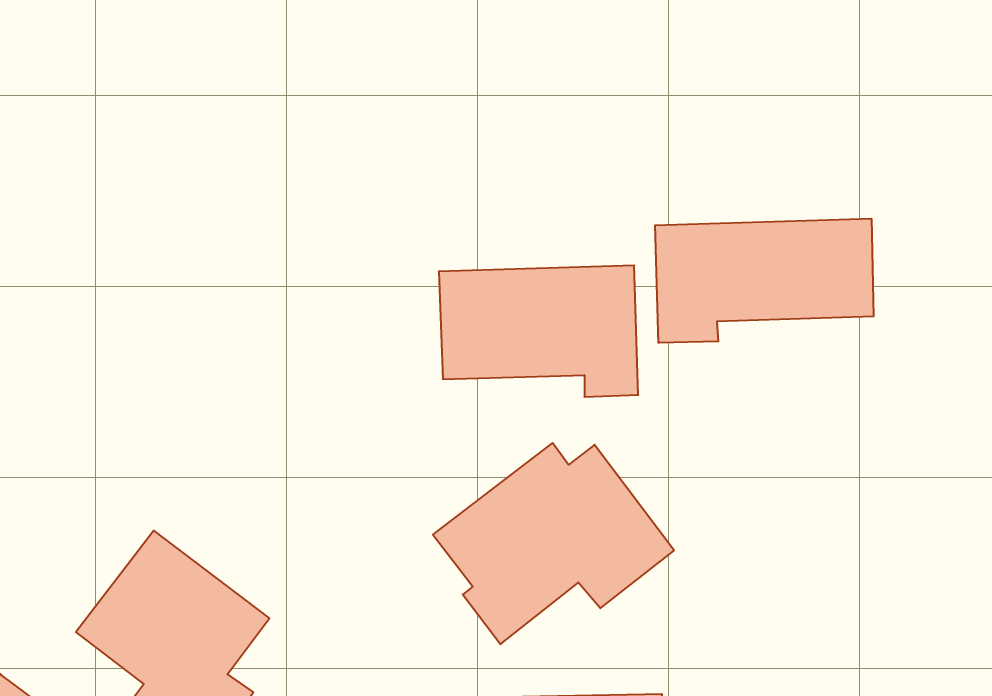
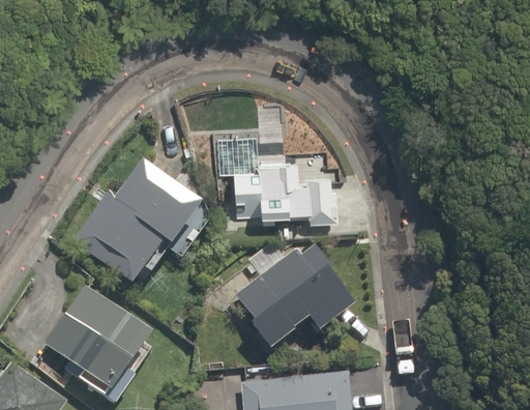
building: [655,219,874,343] -> none
building: none -> [82,160,195,276]

